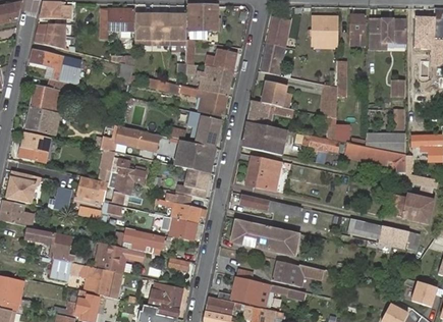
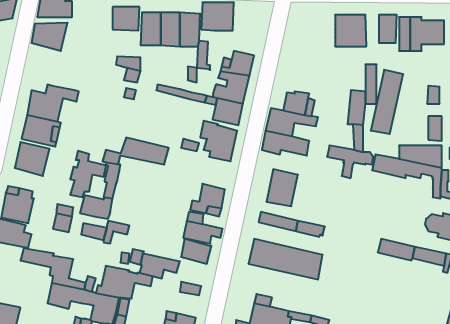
building: [261,15,290,73] -> [371,70,403,134]
building: [30,49,76,84] -> none
building: [175,140,215,173] -> none
building: [113,158,146,200] -> [70,151,106,197]
building: [272,259,324,286] -> none

